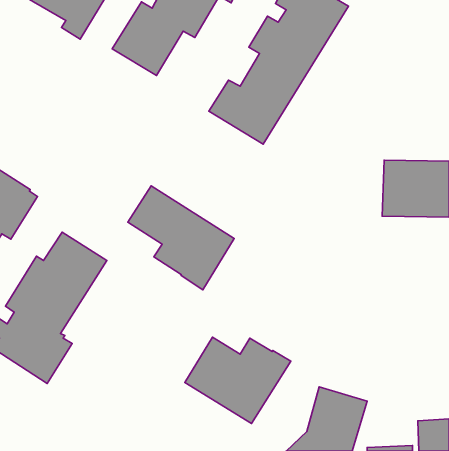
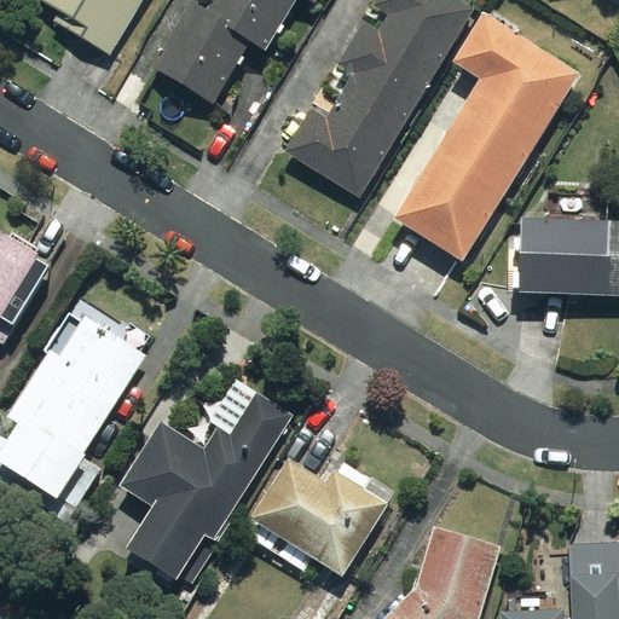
building: none -> [395,13,580,261]
building: [128,186,234,290] -> none
building: none -> [120,378,293,579]

